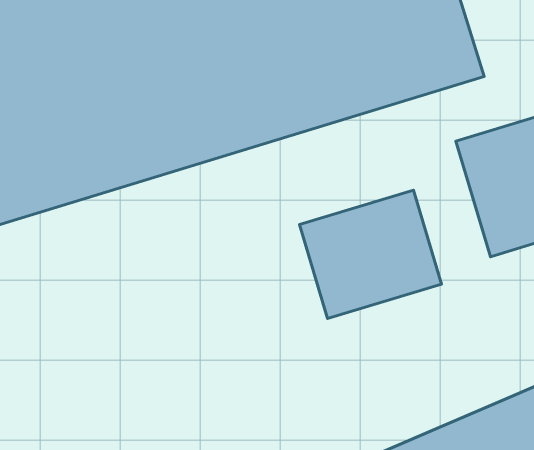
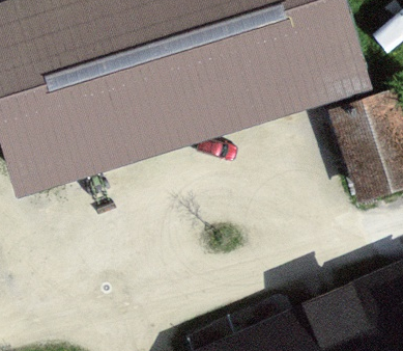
building: [300,190,441,319] -> none

